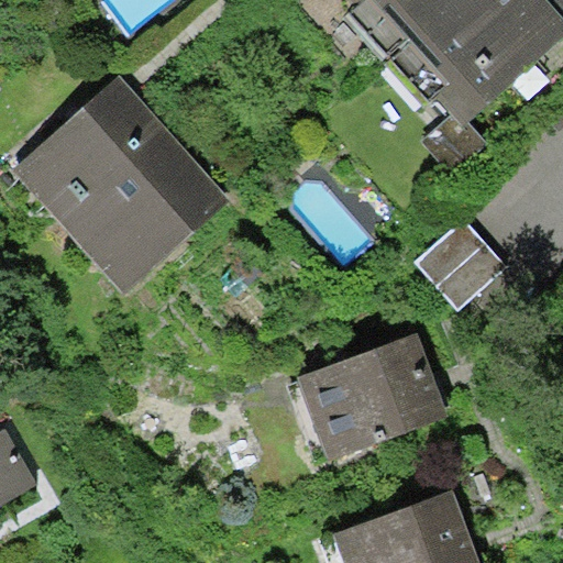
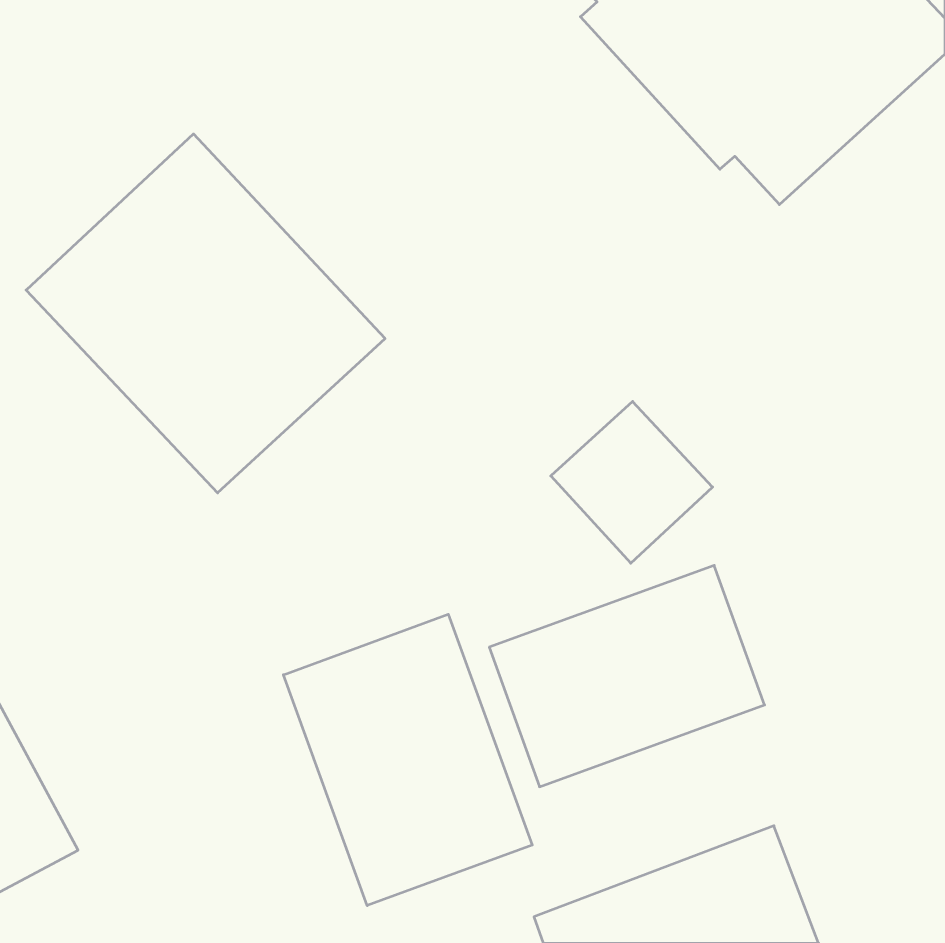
building: [410,217,506,312] -> [551,401,713,563]
building: none -> [283,614,532,906]

